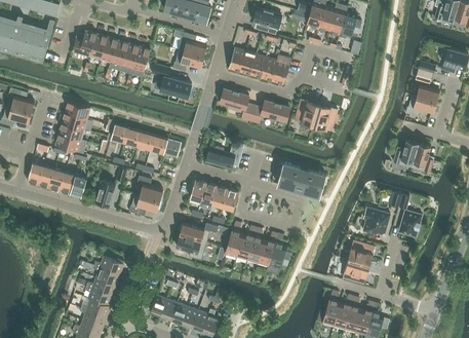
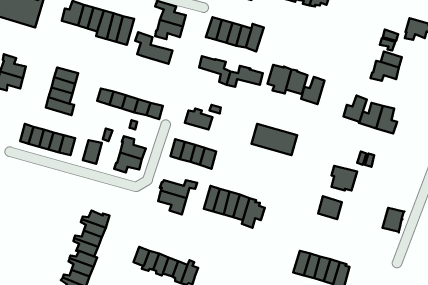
building: none -> [301,77,325,104]
building: none -> [344,96,367,122]
building: [398,211,422,237] -> [383,208,404,232]
building: [343,259,368,283] -> none

